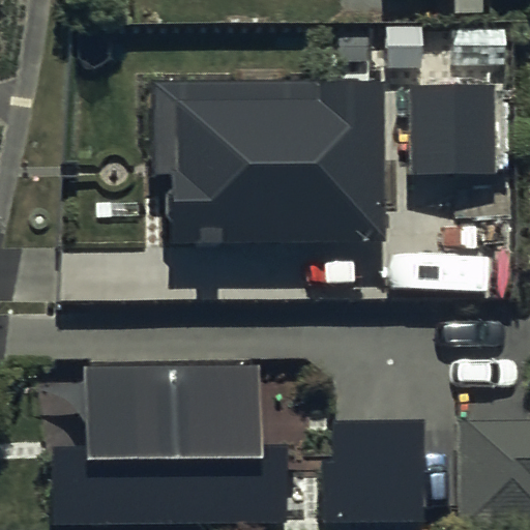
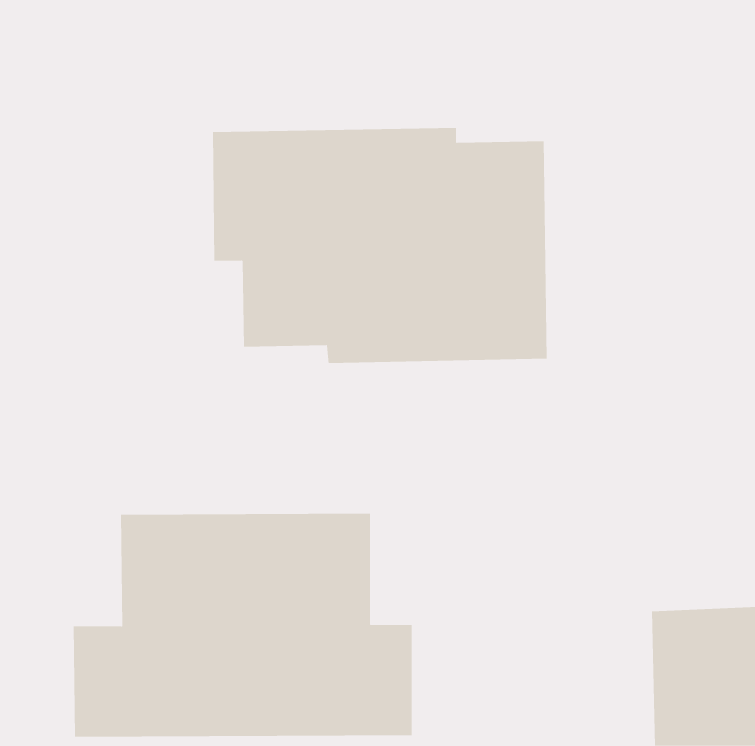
building: [405,92,497,180] -> none
building: [325,414,424,513] -> none

